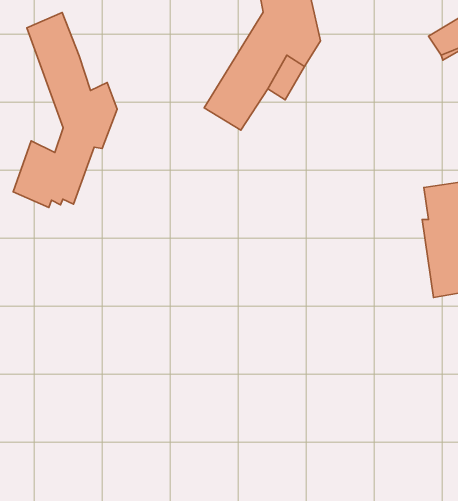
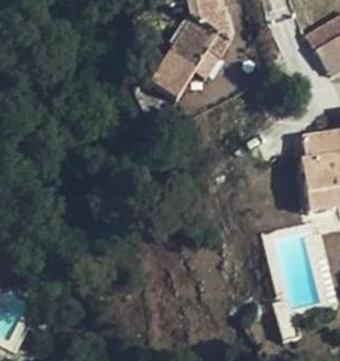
building: [13,12,117,208] -> none

